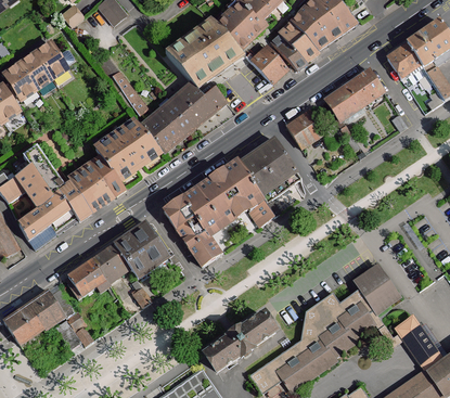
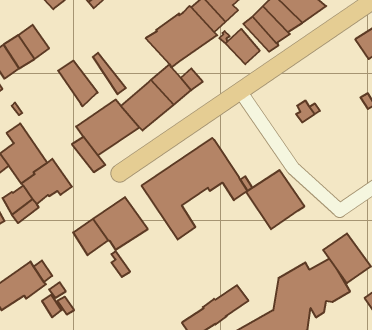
building: [325,69,383,121] -> none
building: none -> [58,61,98,106]
building: [285,111,323,149] -> none
building: [239,140,299,202] -> [246,170,304,229]
building: [69,167,113,211] -> none
building: [64,259,108,298] -> none

